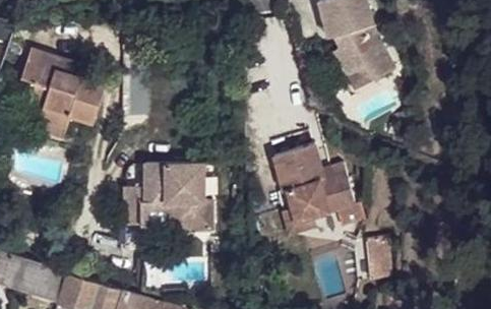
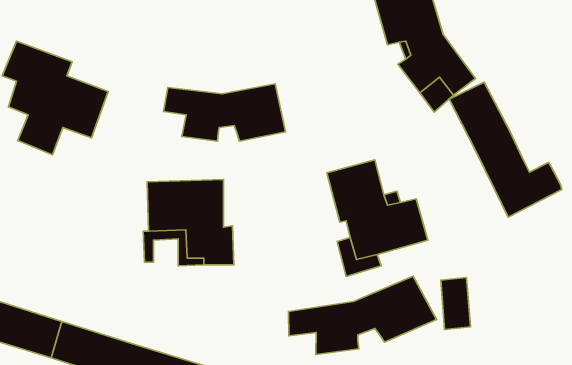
building: none -> [449,82,562,217]
building: none -> [163,84,286,141]
building: none -> [289,276,436,354]

